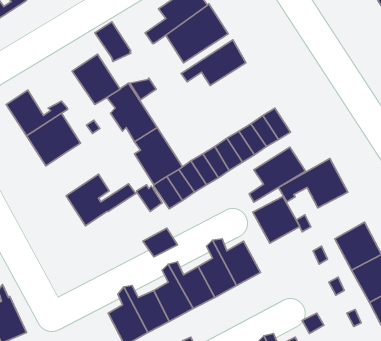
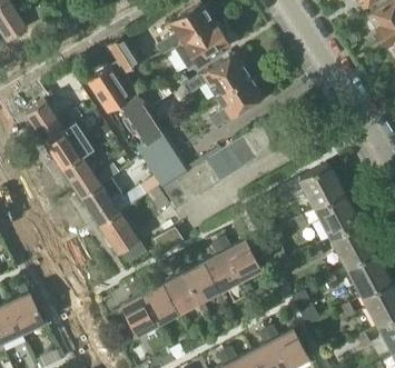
building: [249,147,305,202] -> [209,74,261,126]
building: none -> [61,157,118,198]
building: [253,197,300,243] -> [314,195,357,238]
building: none -> [98,212,145,261]

